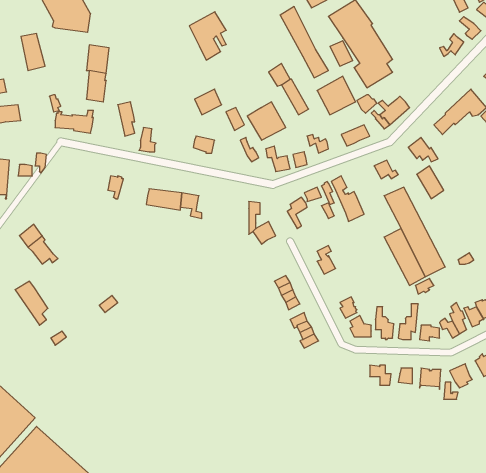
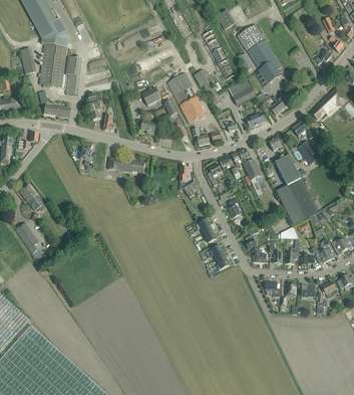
building: [189,12,226,60] -> [167,72,194,107]
building: none -> [38,44,67,87]

